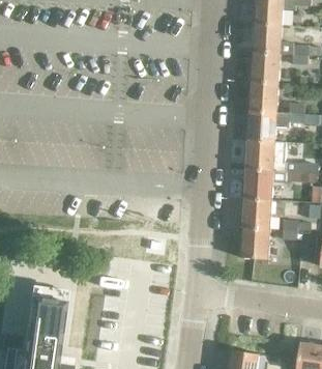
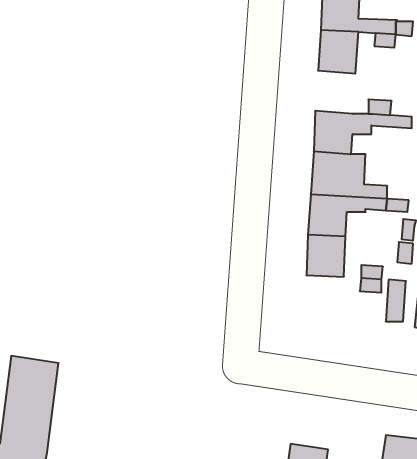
building: [248,81,277,112] -> none
building: [240,228,269,259] -> none

